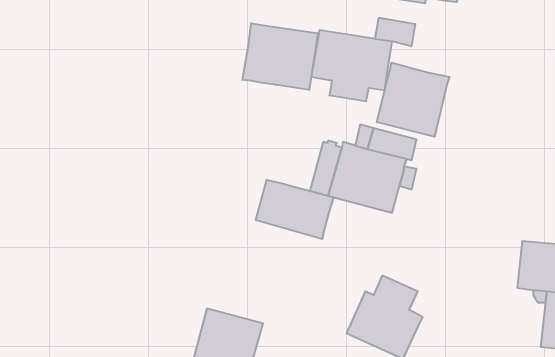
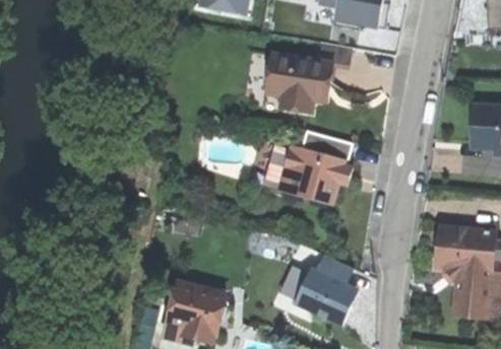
building: [242,23,318,90] -> none
building: [377,63,449,137] -> none
building: [256,180,333,239] -> none

